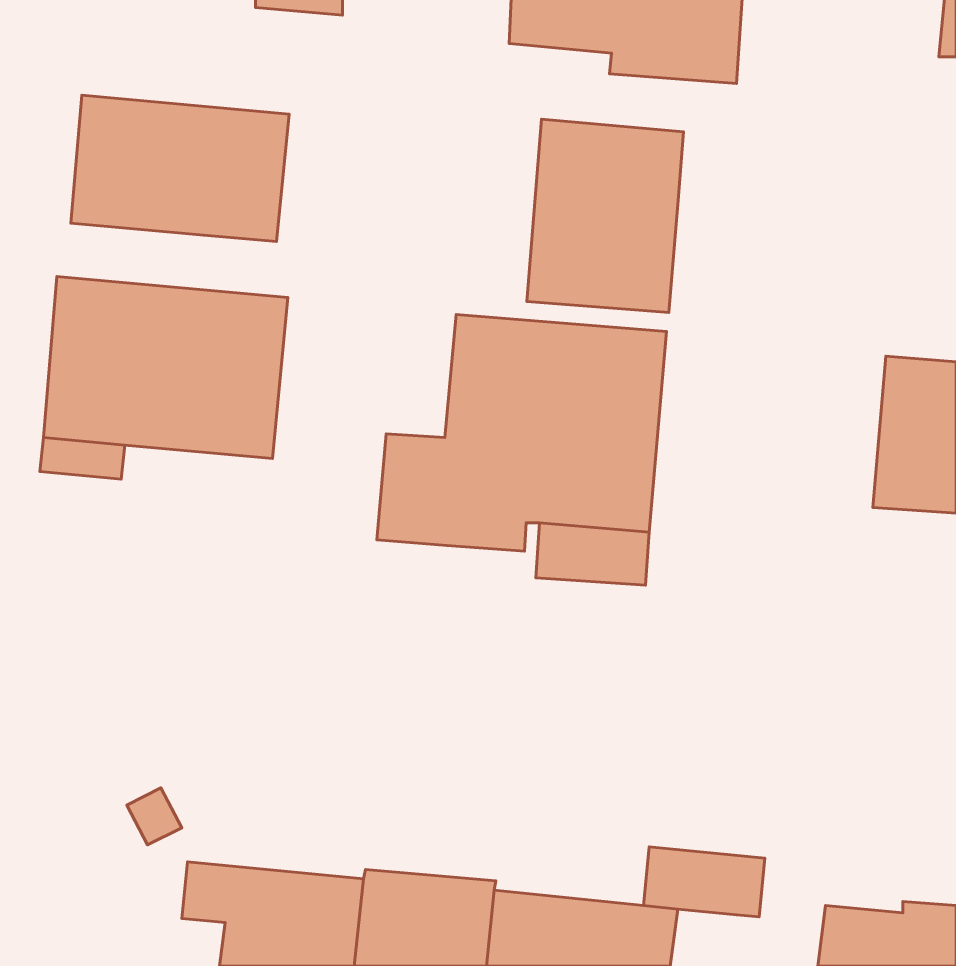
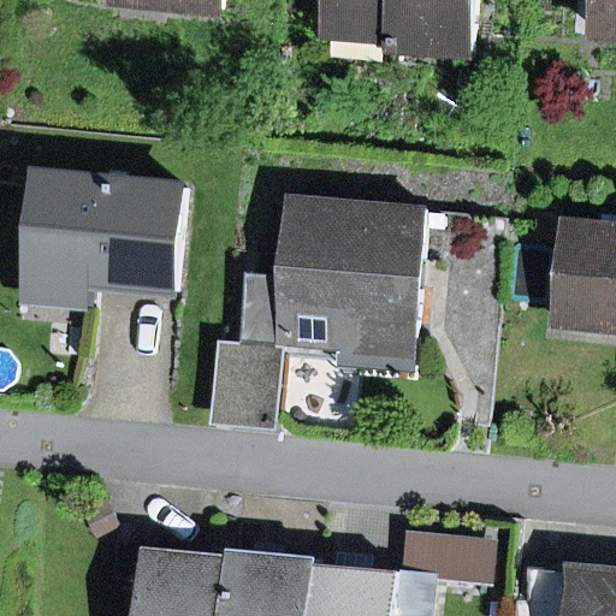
building: [71,95,289,242] -> none
building: [527,119,683,313] -> none
building: none -> [211,340,284,430]

